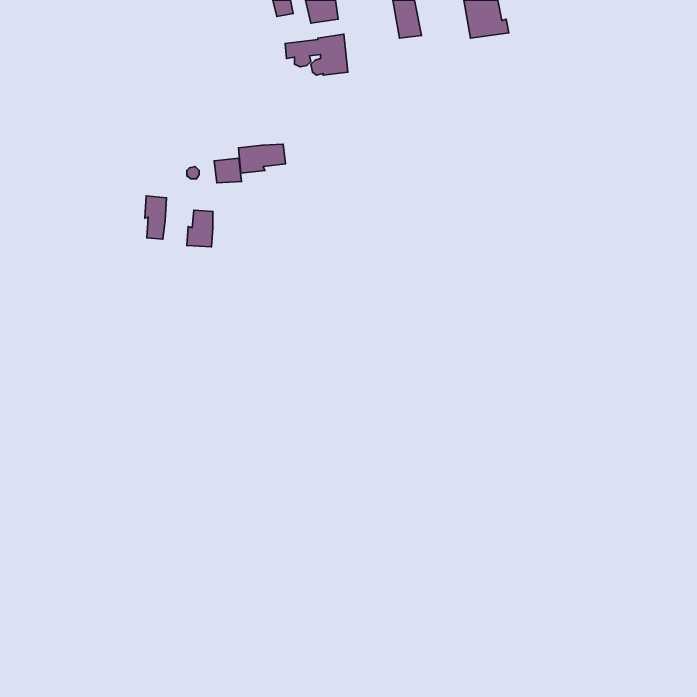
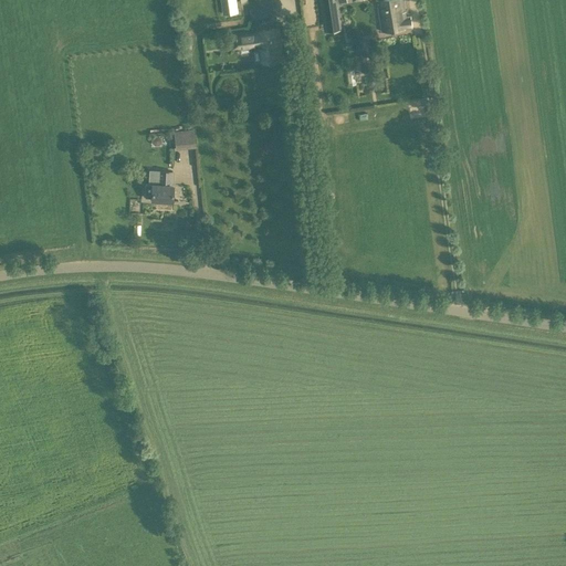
building: [238,144,286,173] -> none
building: [145,196,167,239] -> none

